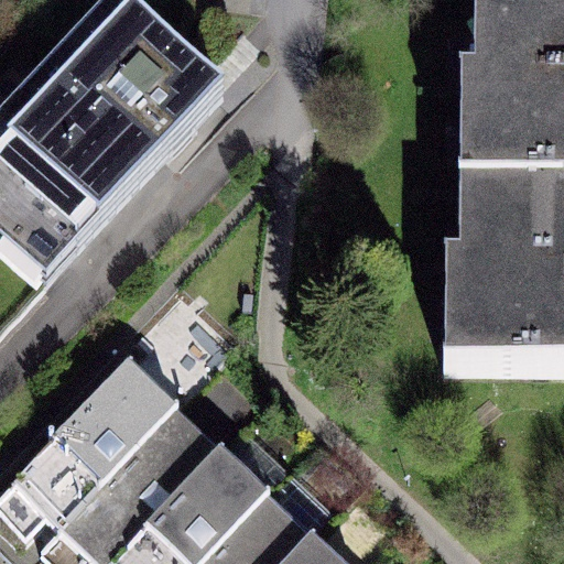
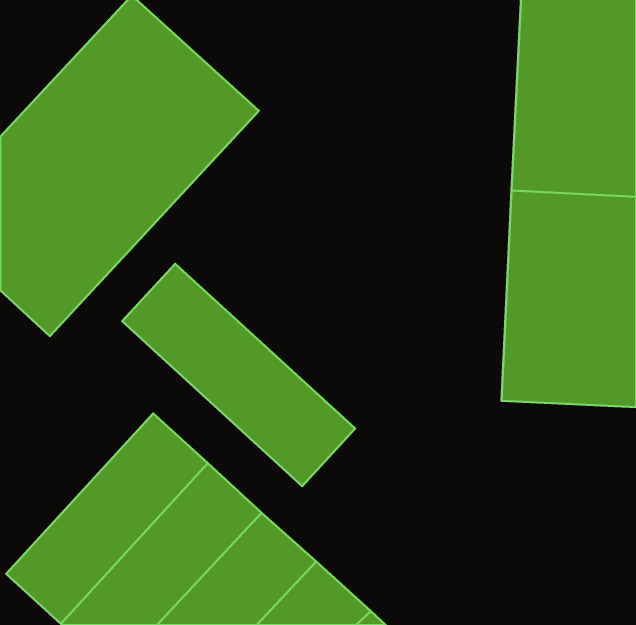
building: none -> [122,264,355,486]

